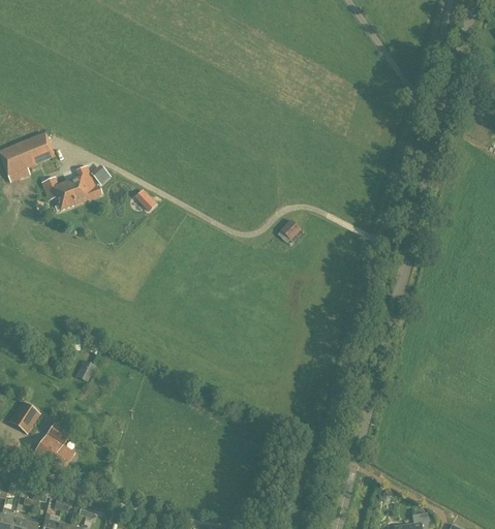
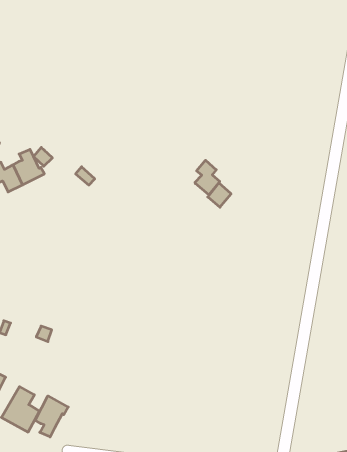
building: none -> [195,160,220,195]
building: none -> [35,396,68,437]

